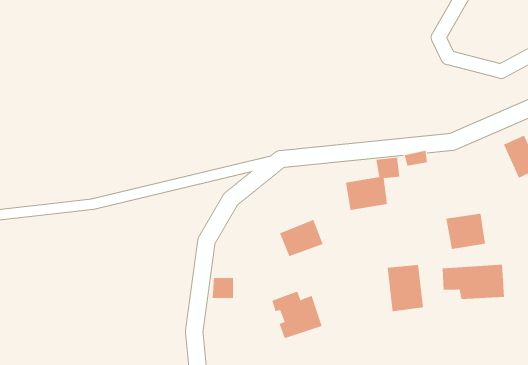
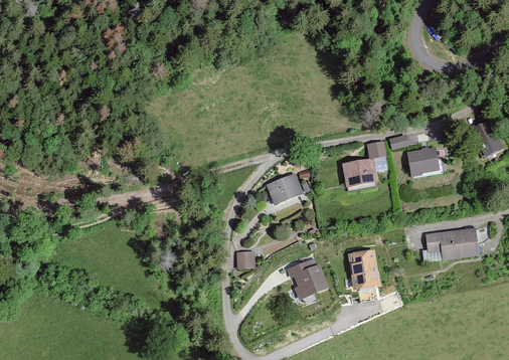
building: [446,213,486,249] -> [407,147,442,178]
building: [279,219,324,257] -> [266,174,303,206]
building: [387,264,424,312] -> [347,248,379,289]

